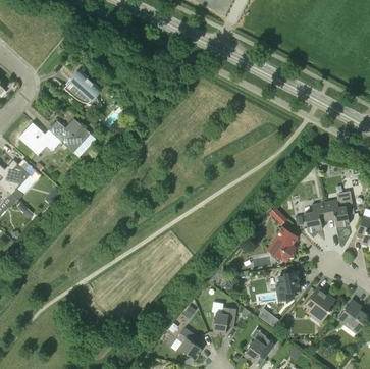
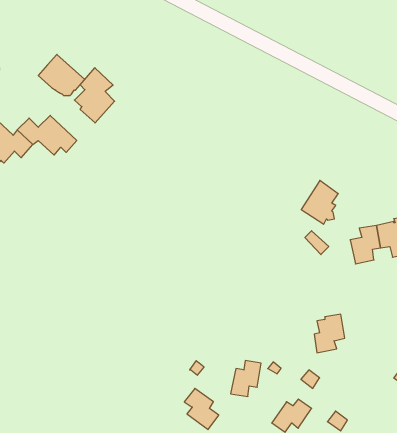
building: none -> [74,68,115,123]
building: [268,227,297,261] -> [301,180,338,224]
building: [304,286,335,323] -> none

